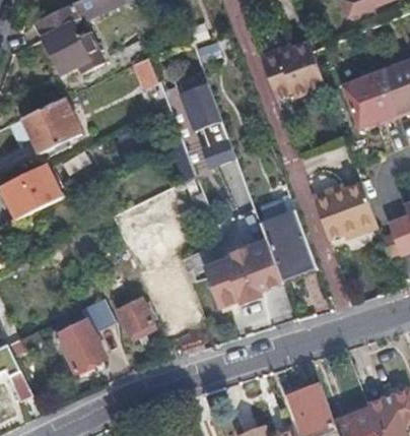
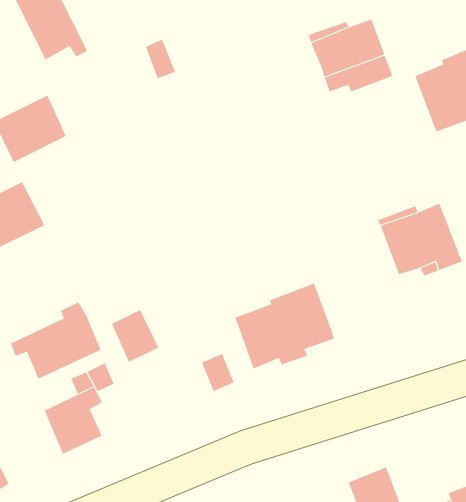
building: [162,75,234,174] -> none
building: [252,194,316,277] -> none
building: none -> [10,301,101,379]
building: [120,305,156,346] -> [111,309,159,362]

